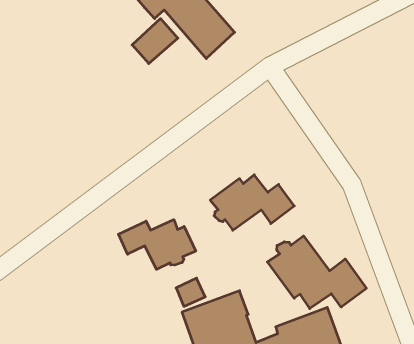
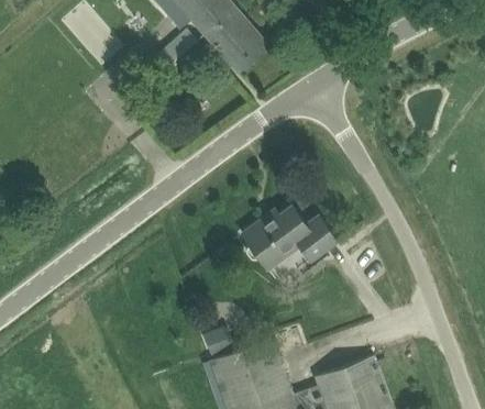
building: [118,220,196,269] -> none
building: [267,236,366,309] -> none

